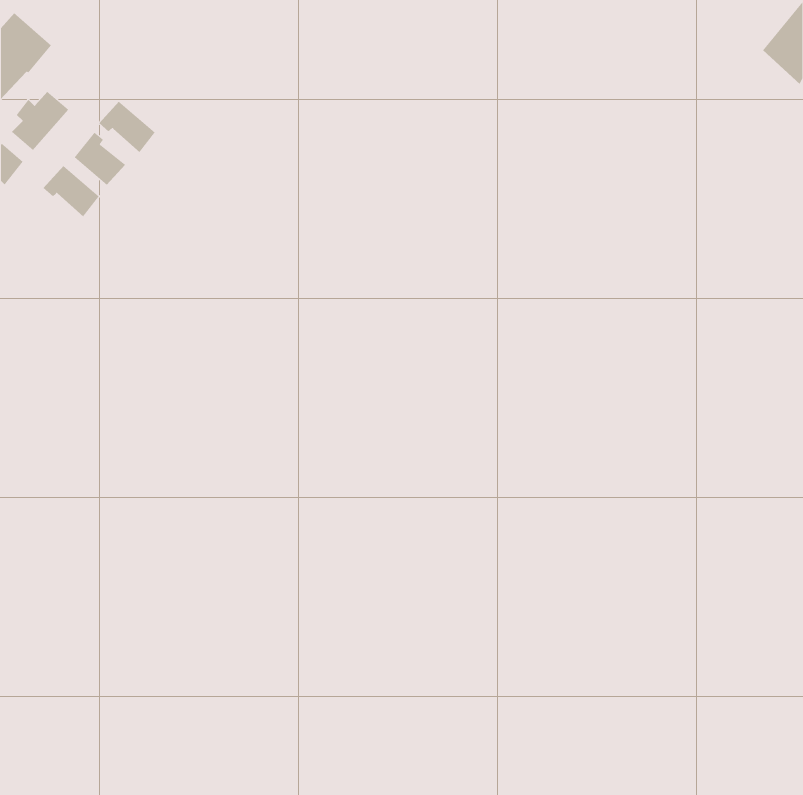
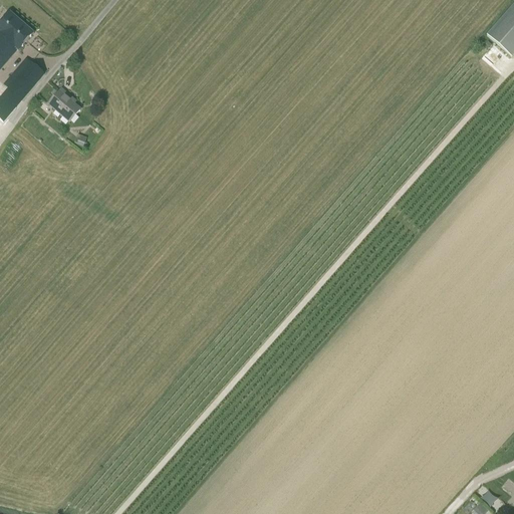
building: [98,101,156,153] -> none
building: [43,165,100,217] -> none

